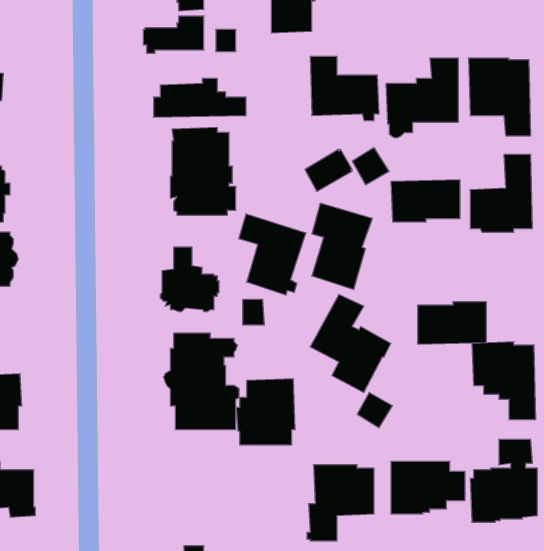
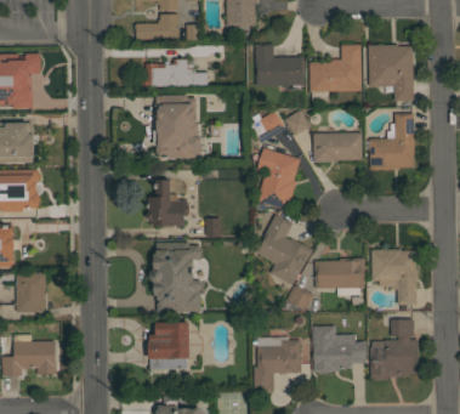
building: [239,214,306,295] -> none
building: [417,302,486,344] -> [316,259,365,289]
building: [236,379,295,445] -> [148,322,191,369]

